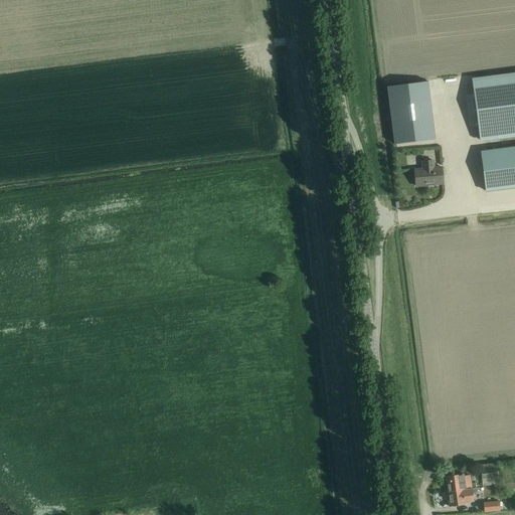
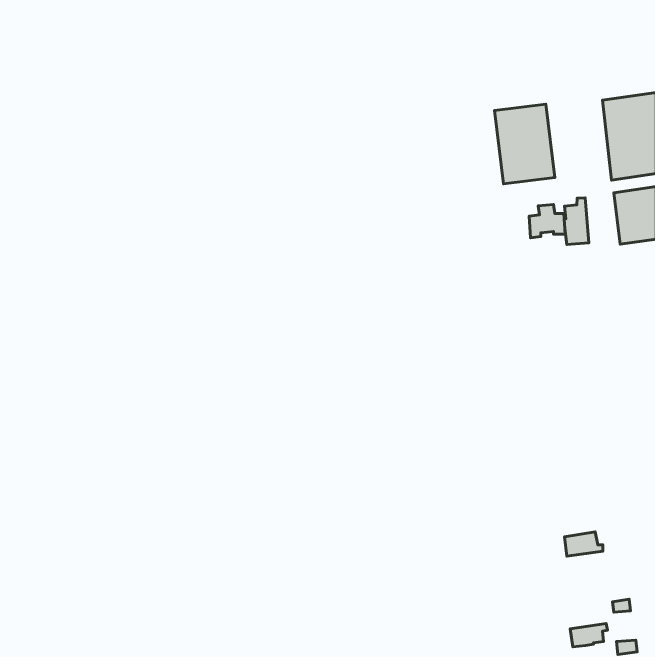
building: none -> [564,198,589,245]
building: [446,473,476,492] -> [564,532,603,556]

